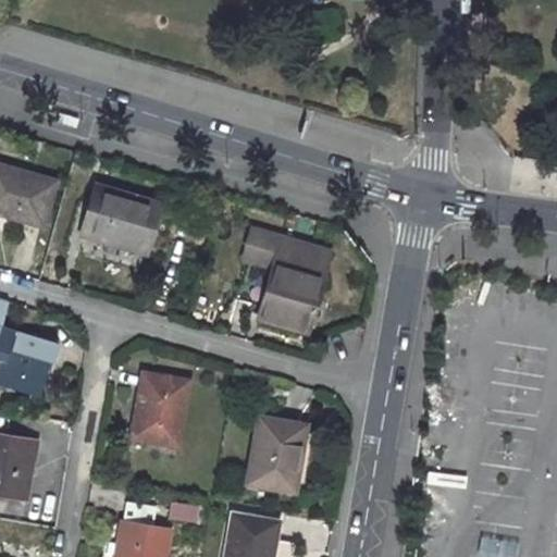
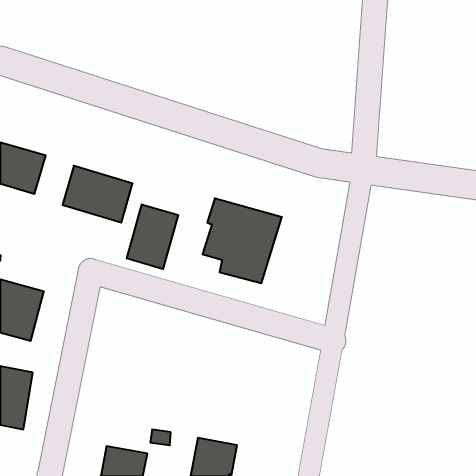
building: none -> [127,204,178,269]
building: [132,372,186,444] -> none
building: [247,419,304,488] -> none

